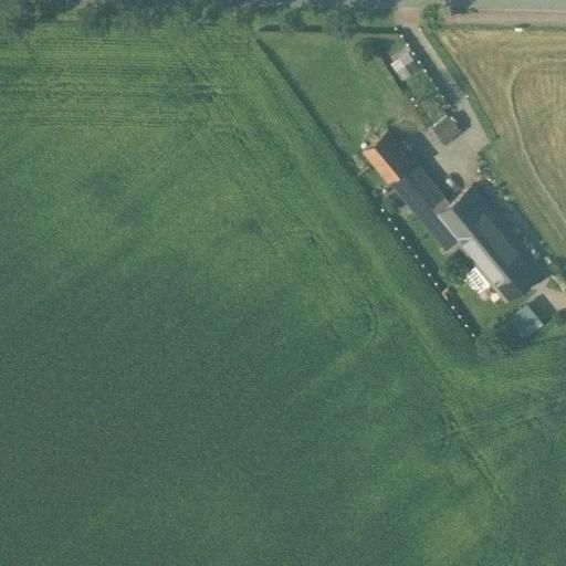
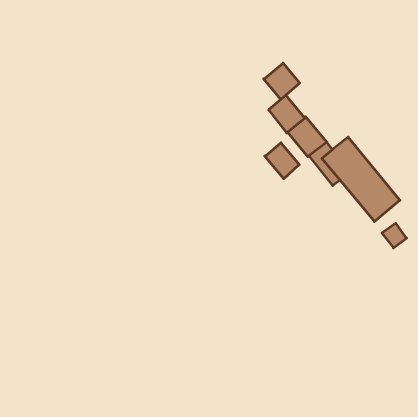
building: none -> [264,63,300,100]
building: none -> [265,143,299,179]

